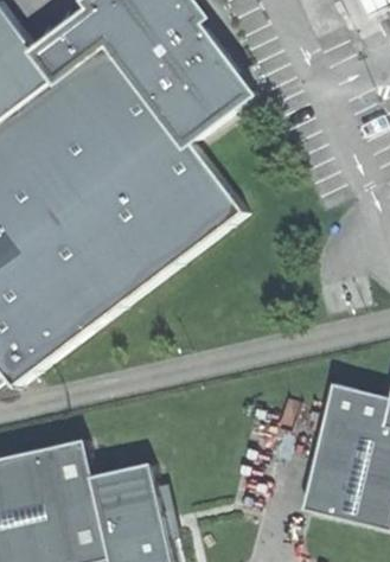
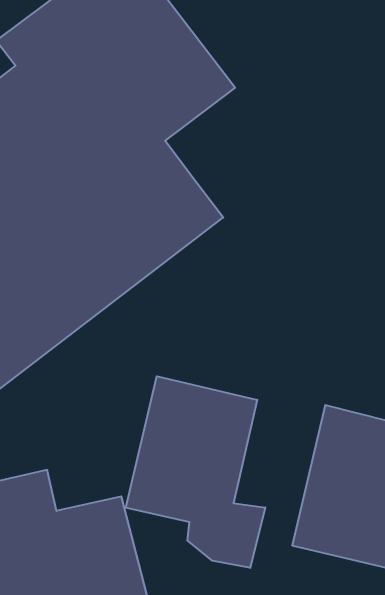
building: none -> [126,376,265,568]

